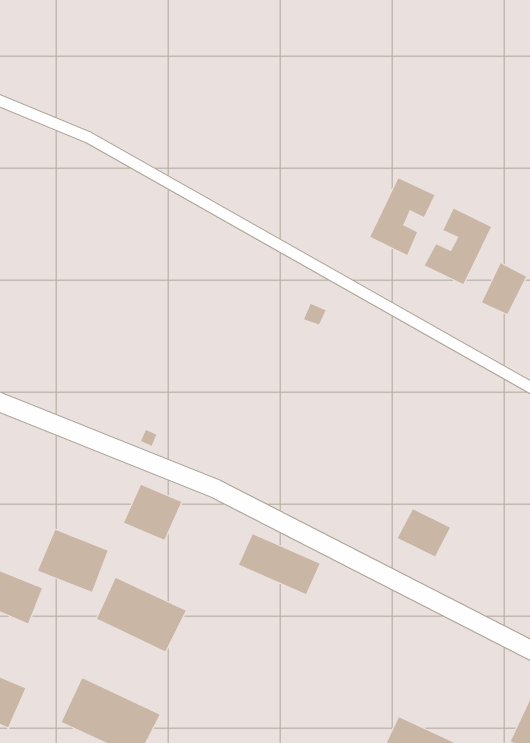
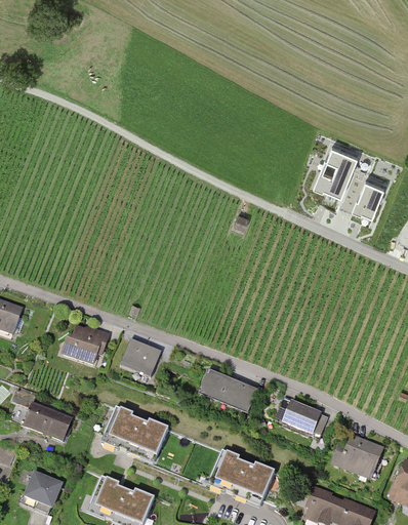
building: [370,178,435,256] -> none
building: [397,508,451,557] -> [283,399,319,431]
building: [37,529,109,592] -> [60,325,108,366]
building: none -> [330,431,382,480]
building: none -> [212,448,273,496]

